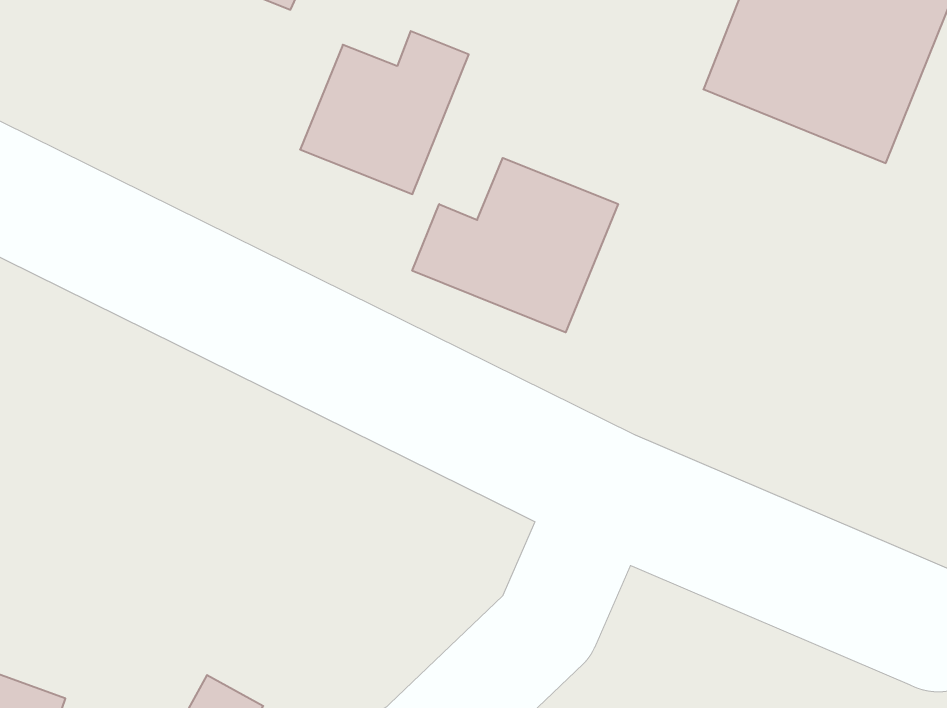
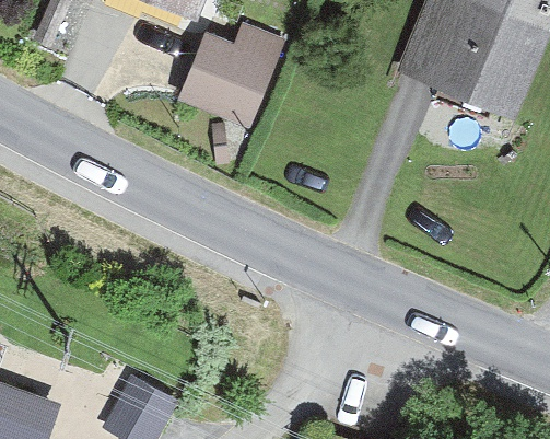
building: [412,158,618,332] -> none

